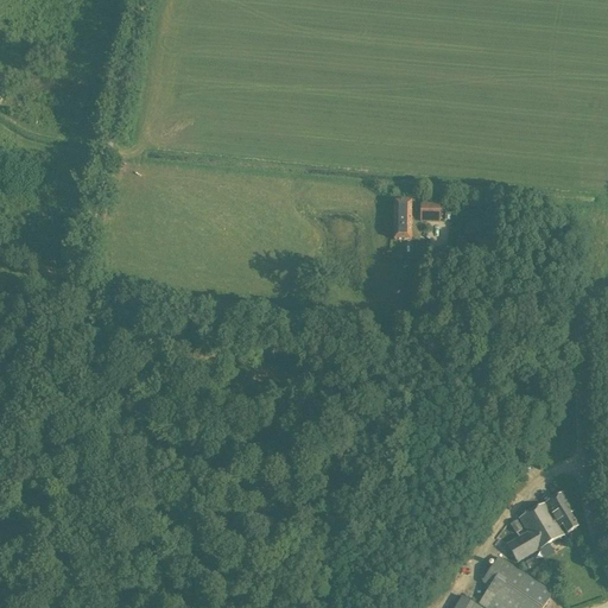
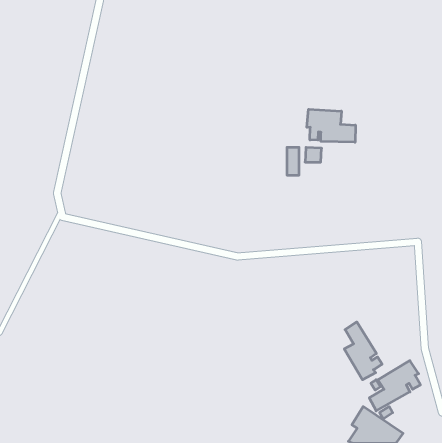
building: none -> [307,109,355,142]
building: none -> [344,322,382,380]

